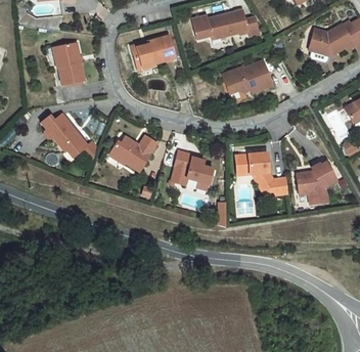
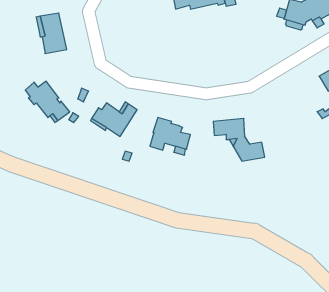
building: [133,36,176,69] -> none
building: [223,60,273,93] -> none
building: [298,162,338,203] -> none

